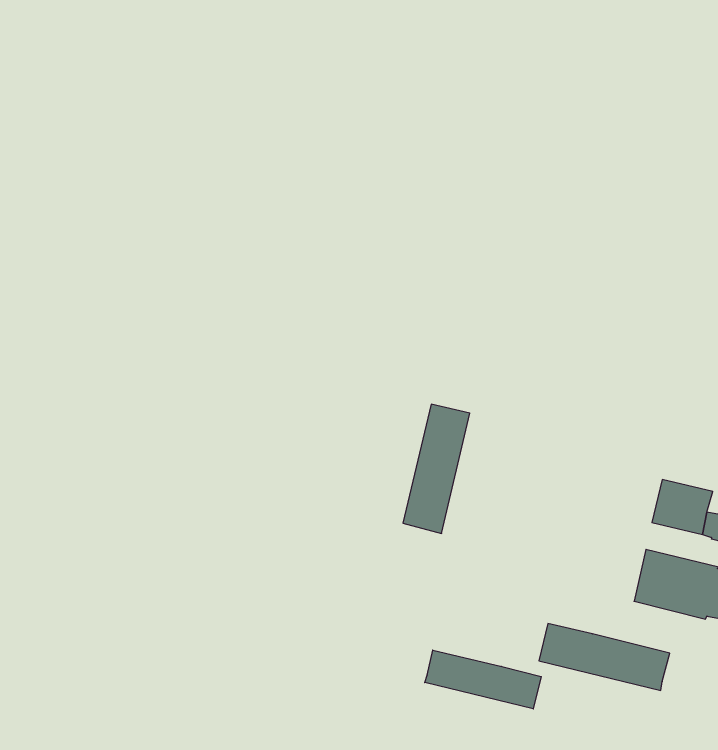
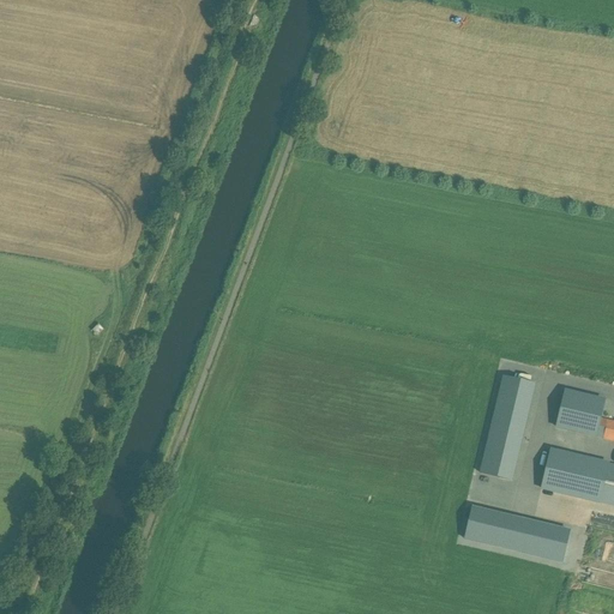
building: [403,404,470,533] -> [481,374,535,478]
building: [425,650,541,709] -> none

